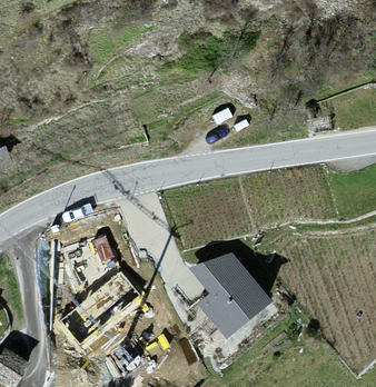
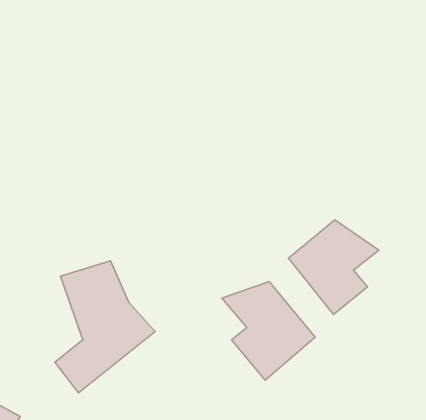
building: none -> [288,220,379,314]

